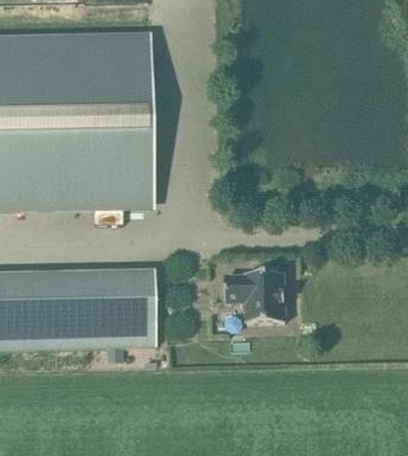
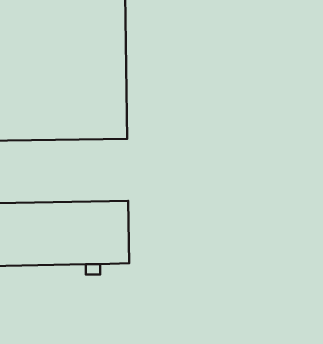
building: [227,268,287,317] -> none

